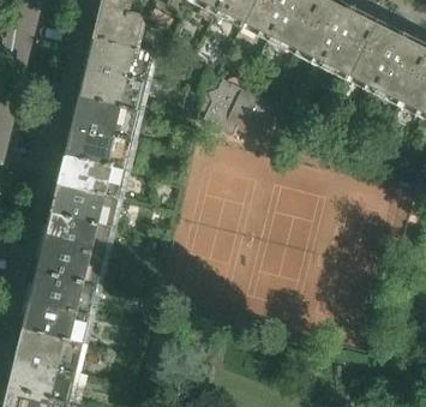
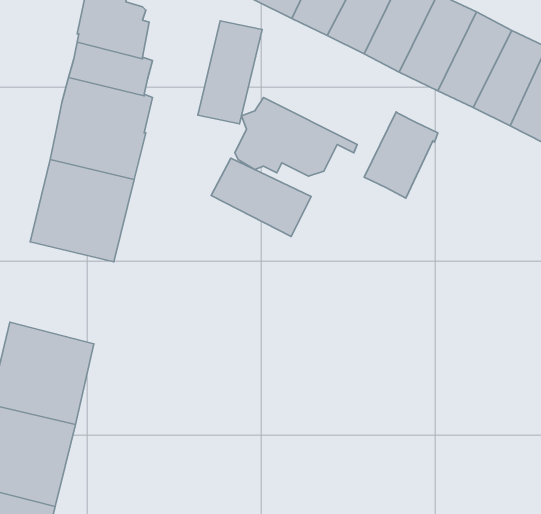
building: none -> [198,21,262,124]
building: none -> [364,112,438,198]
building: none -> [211,158,311,237]
building: [42,184,116,257] -> none

